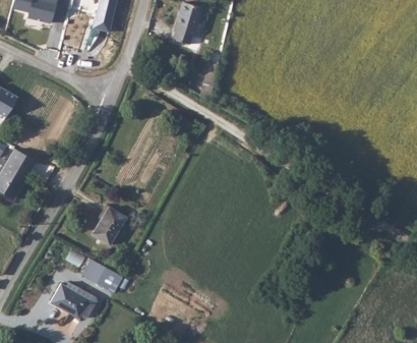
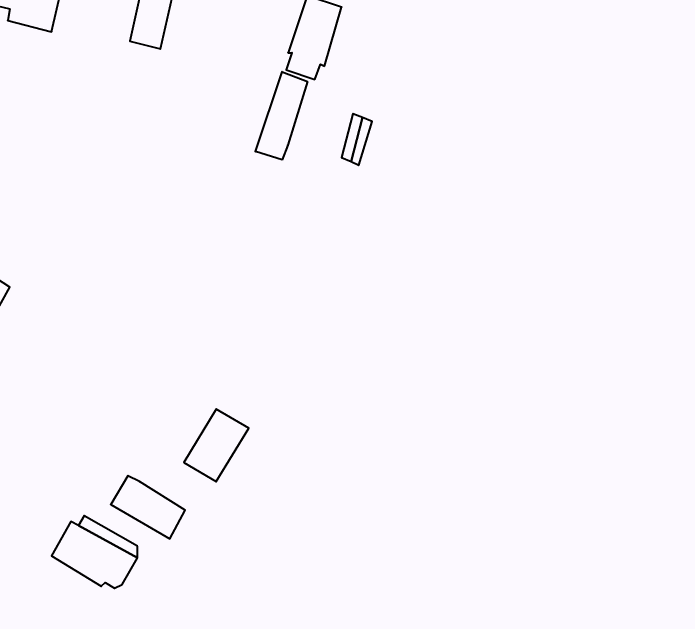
building: none -> [255,72,307,160]
building: [91,207,125,245] -> [184,409,249,482]

